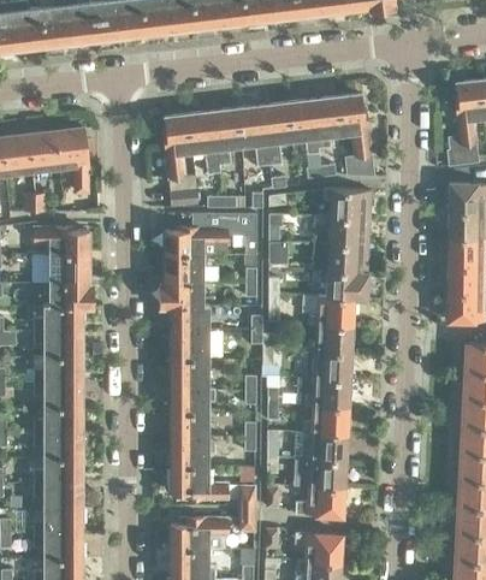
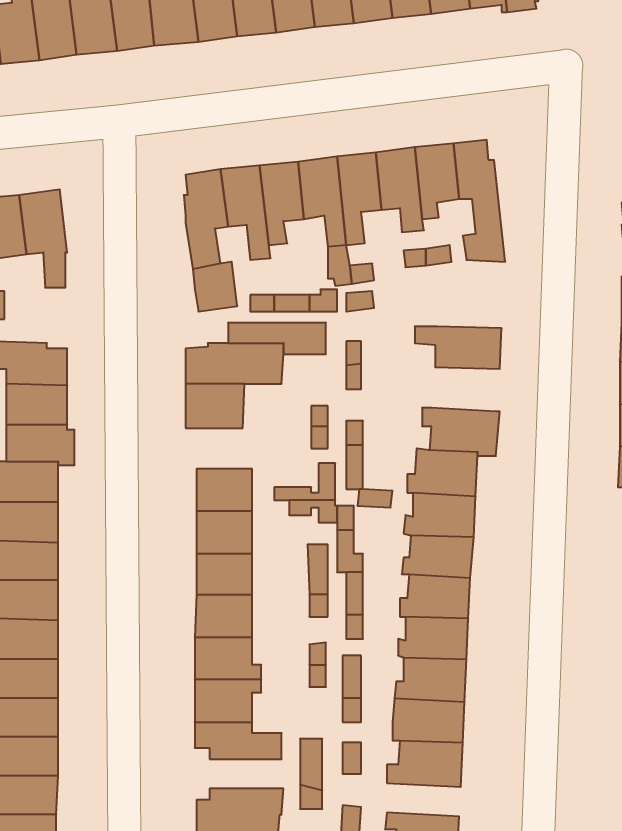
building: [322,189,372,219] -> none
building: [320,243,369,273] -> none
building: [160,284,208,310] -> none

